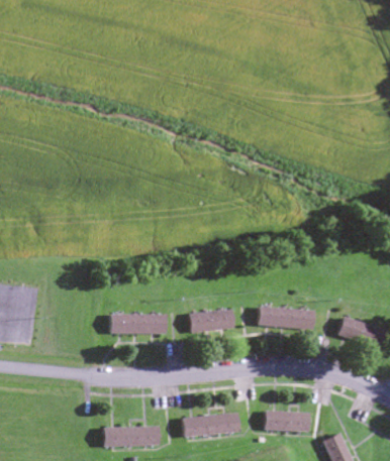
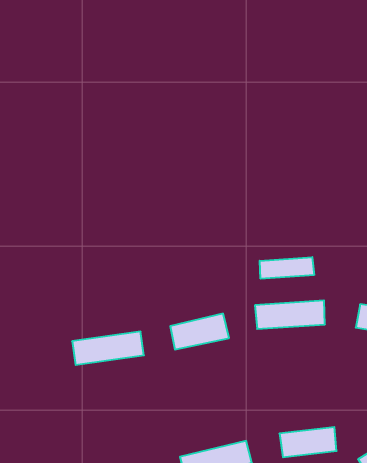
building: none -> [260,257,314,279]

